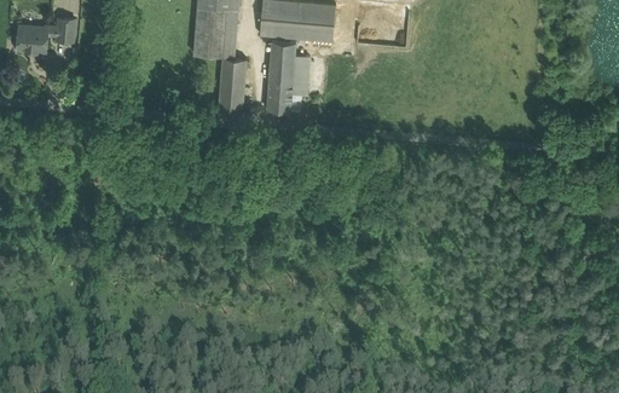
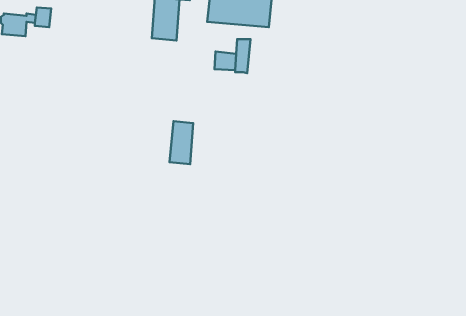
building: [268,42,295,74] -> none
building: [218,58,245,109] -> [169,121,193,164]
building: [266,92,301,112] -> none

